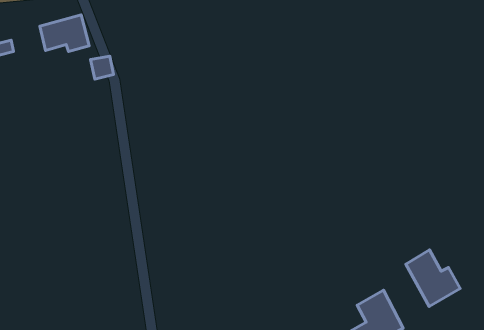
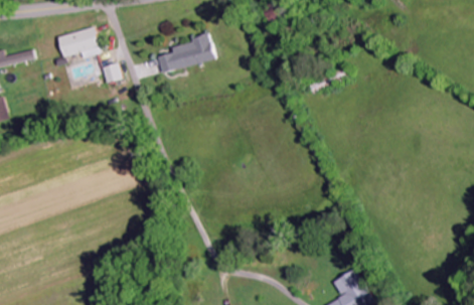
building: none -> [158,34,216,73]
building: [406,250,460,306] -> none

